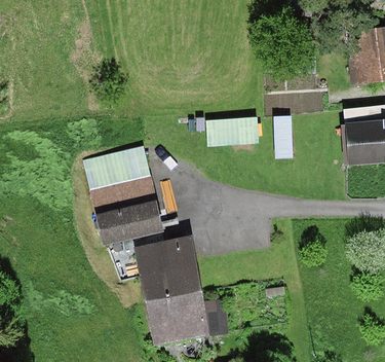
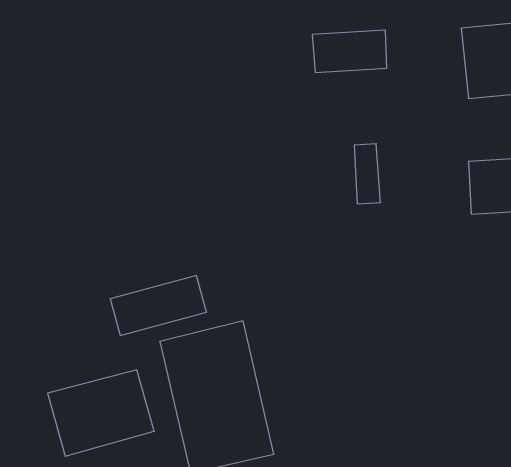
building: [202,113,255,143] -> [312,30,387,72]
building: [80,153,155,214] -> [48,370,154,456]

